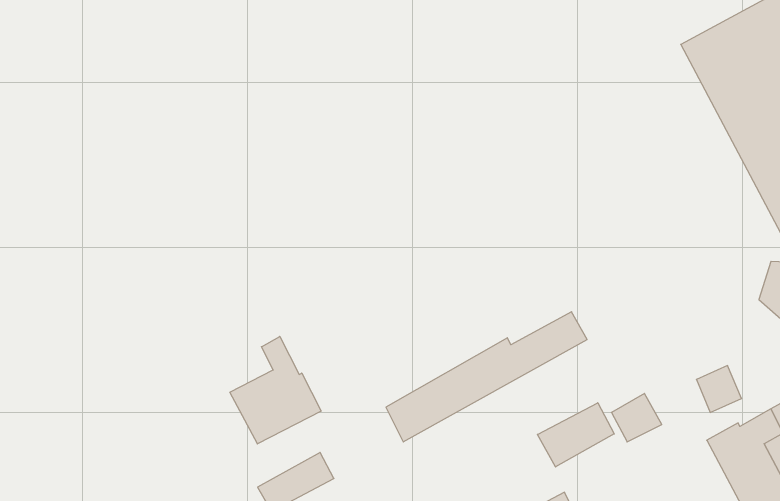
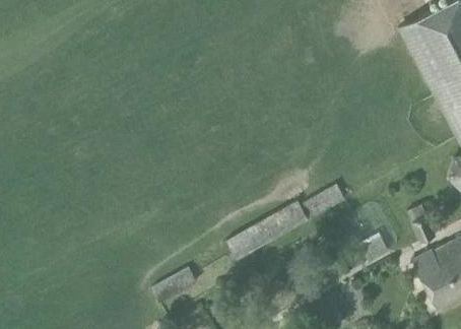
building: [230,336,321,444] -> none
building: [537,403,614,467] -> none

